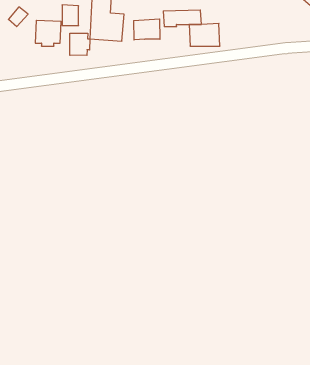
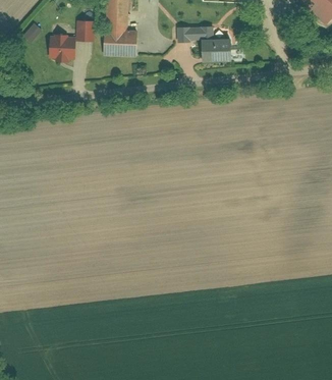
building: [134,19,160,40] -> none
building: [70,33,90,55] -> none

